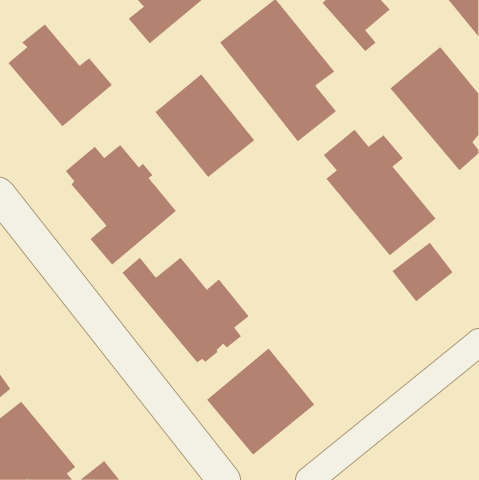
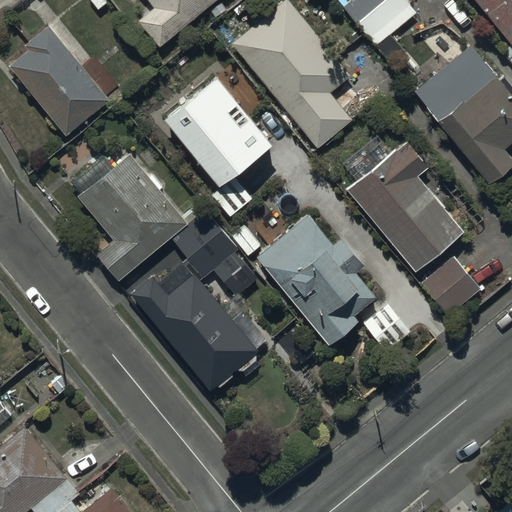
building: none -> [173,212,239,279]
building: none -> [258,222,379,351]
building: [206,348,315,456] -> none

